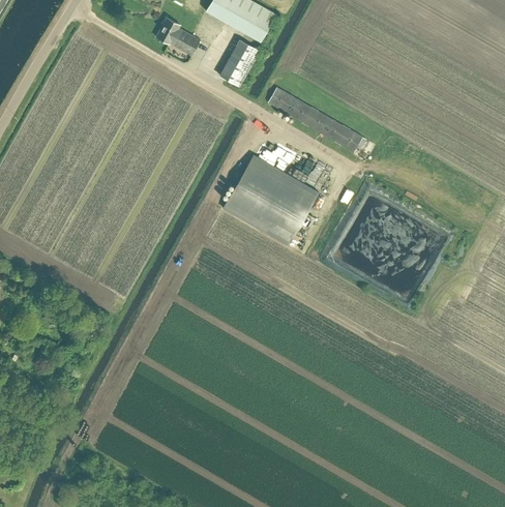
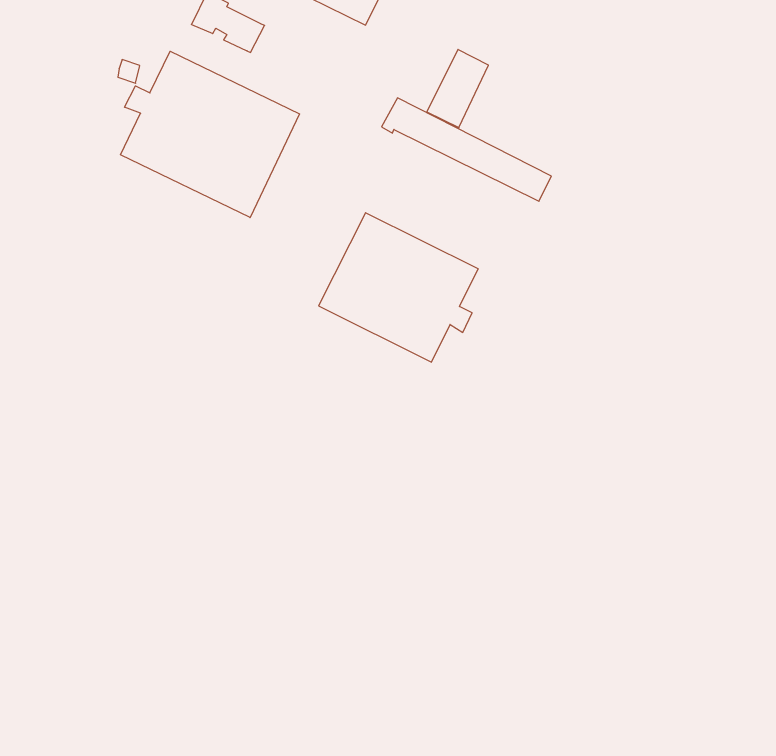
building: [219,39,258,86] -> [427,49,488,128]
building: none -> [120,51,300,218]

